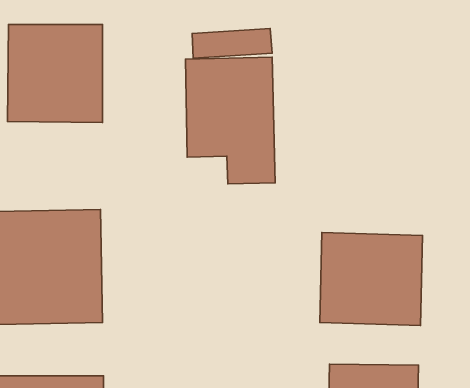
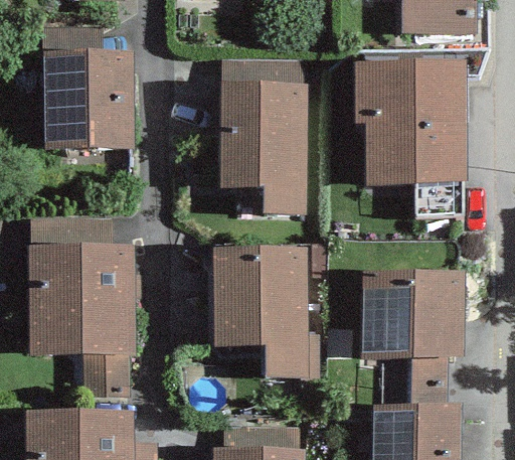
building: none -> [358,57,466,181]
building: none -> [207,247,315,380]

